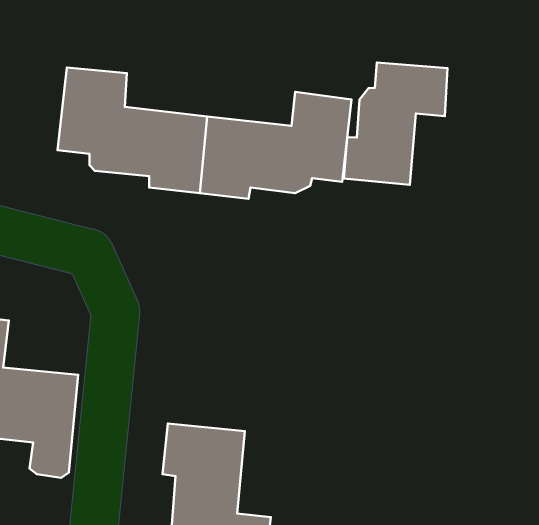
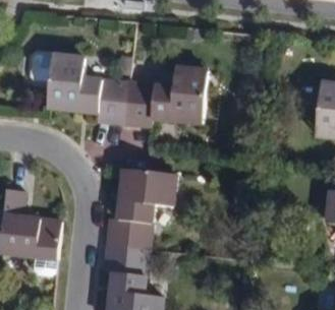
building: [344,62,448,185] -> none
building: none -> [108,171,176,252]

